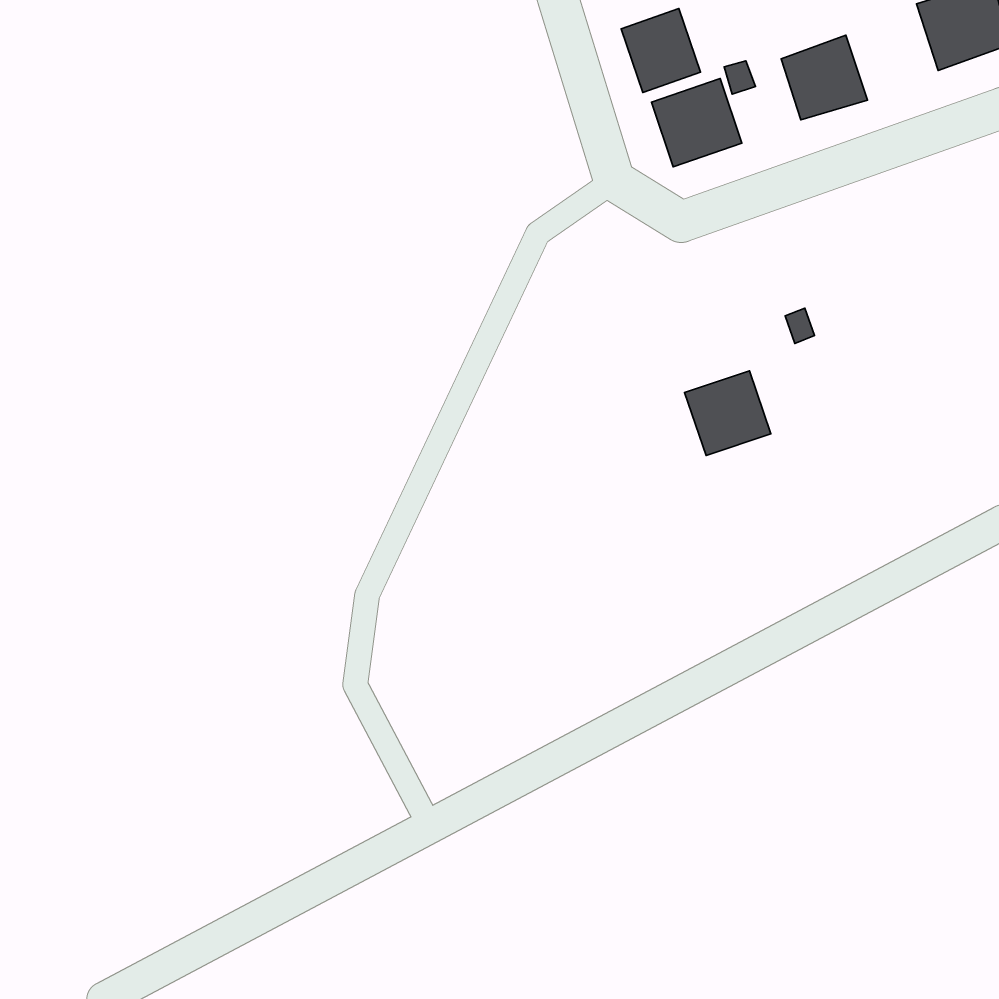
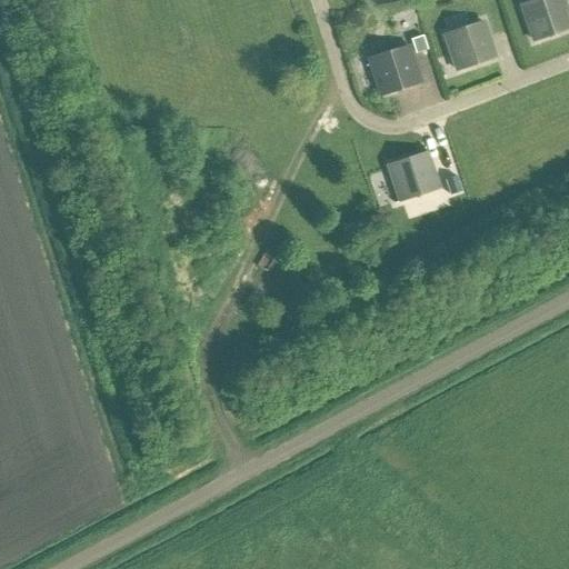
building: [621,8,701,92] -> none
building: [685,371,771,455] -> [388,151,437,199]

